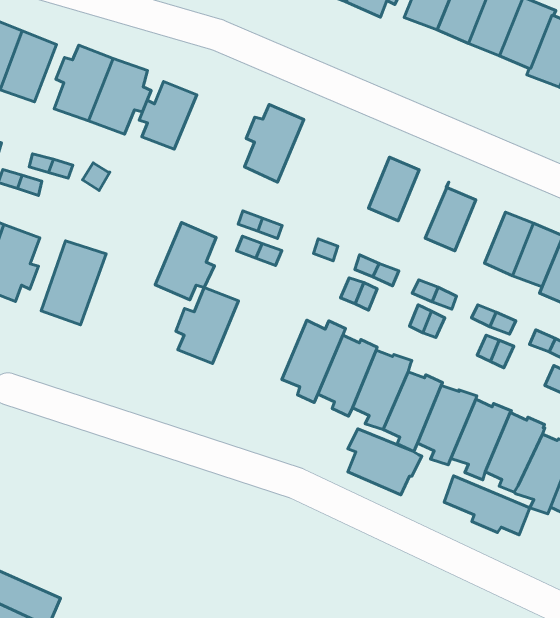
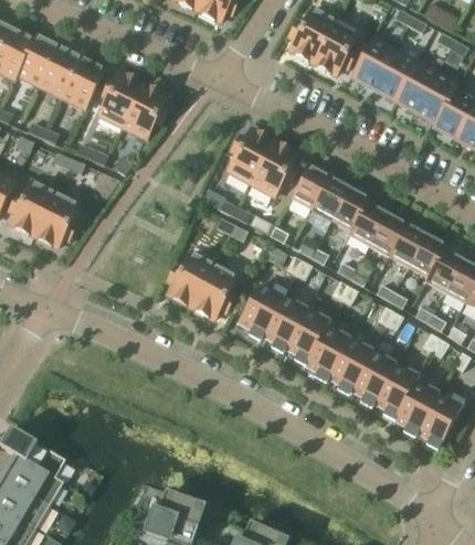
building: [139,81,197,149] -> none
building: none -> [250,141,296,195]
building: none -> [291,163,330,209]
building: none -> [331,185,370,234]
building: none -> [369,211,408,256]
building: [155,222,216,300] -> [190,264,236,319]
building: [41,241,106,325] -> none
building: [348,429,422,495] -> none
building: [444,476,530,535] -> none

